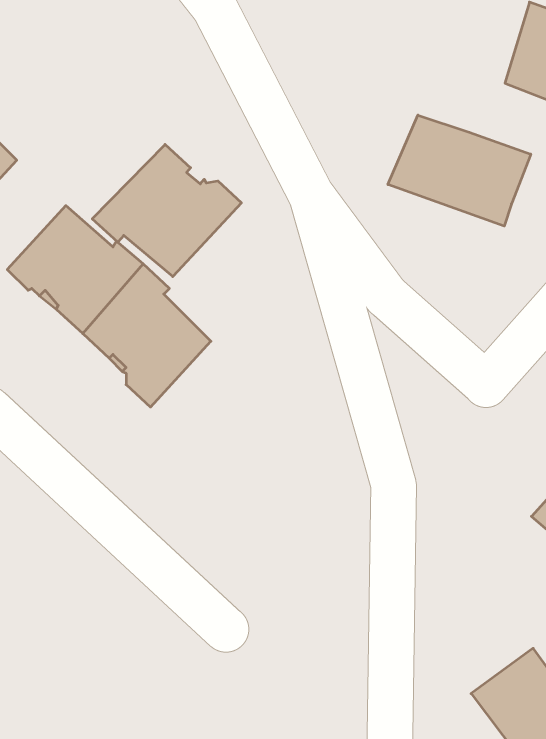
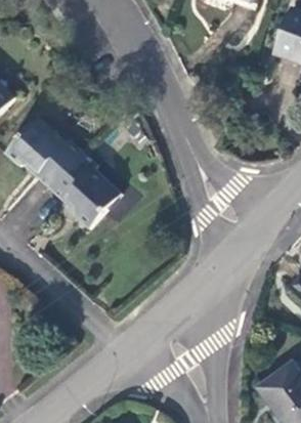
building: [388,115,531,226] -> none
building: [92,144,241,277] -> none

